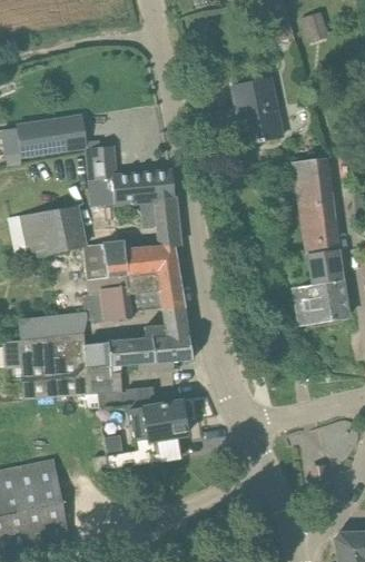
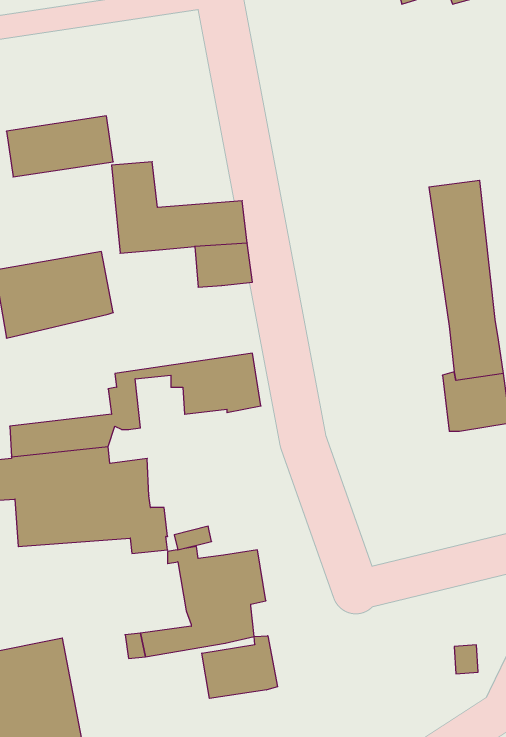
building: [231,78,285,144] -> none
building: [83,240,179,278] -> none
building: [101,286,134,321] -> none
building: [109,306,193,365] -> none
building: none -> [202,636,278,698]

